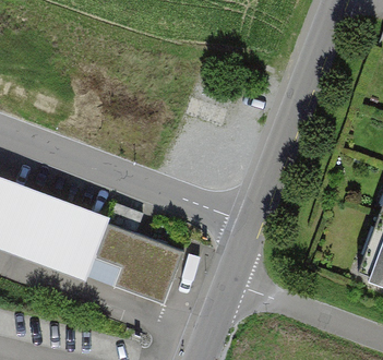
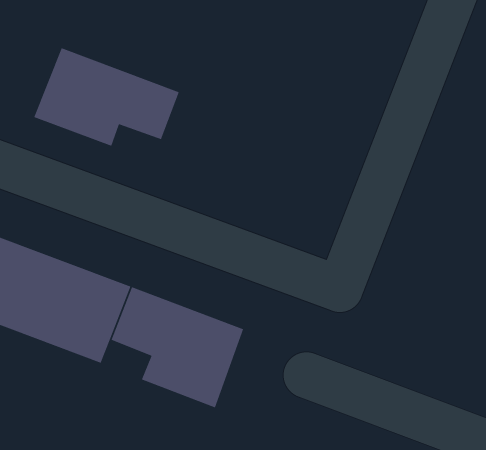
building: none -> [33,47,180,147]

